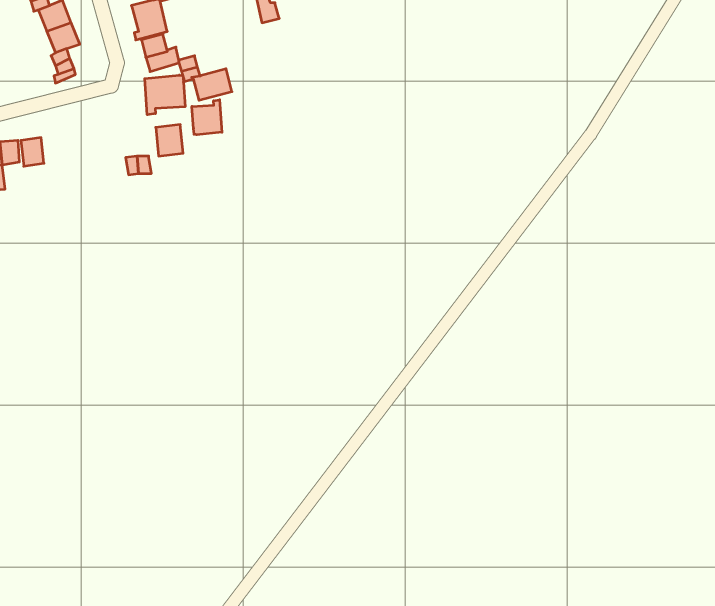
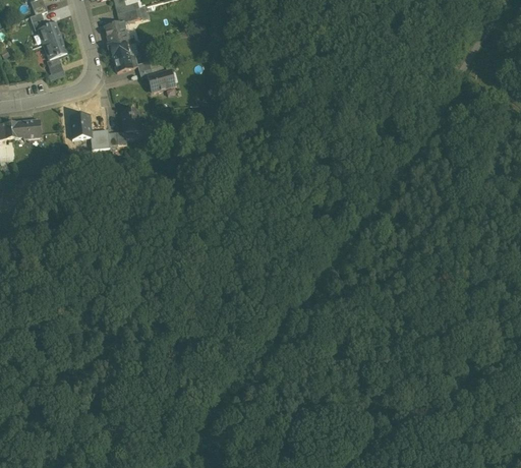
building: [145,75,185,115] -> none
building: [192,100,222,135] -> none
building: none -> [69,113,90,137]

